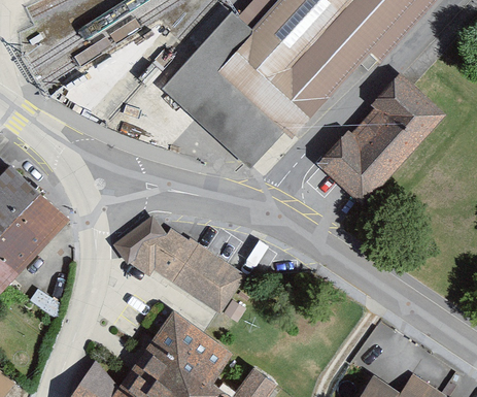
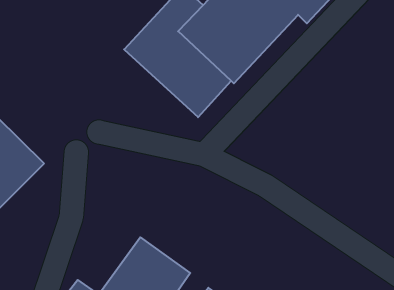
building: [325,72,449,200] -> none
building: [109,213,246,320] -> none

